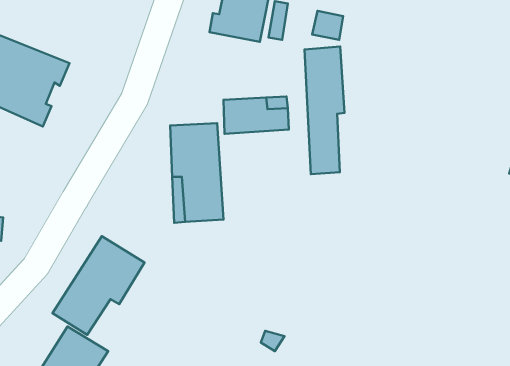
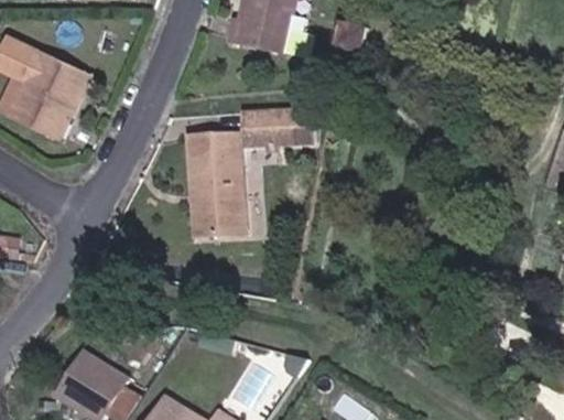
building: [304,46,345,174] -> none
building: [52,236,144,335] -> none

